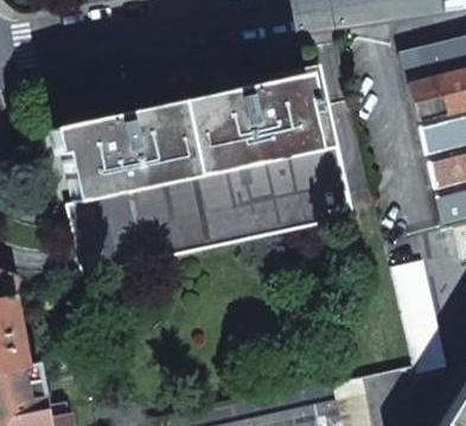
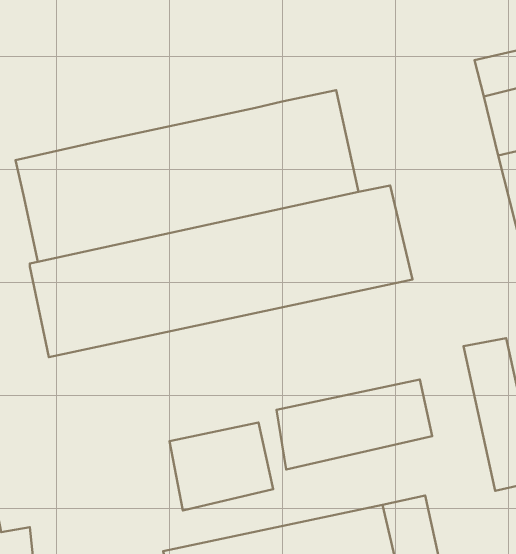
building: [255,65,338,152] -> none
building: none -> [277,379,432,470]
building: none -> [169,422,273,511]

